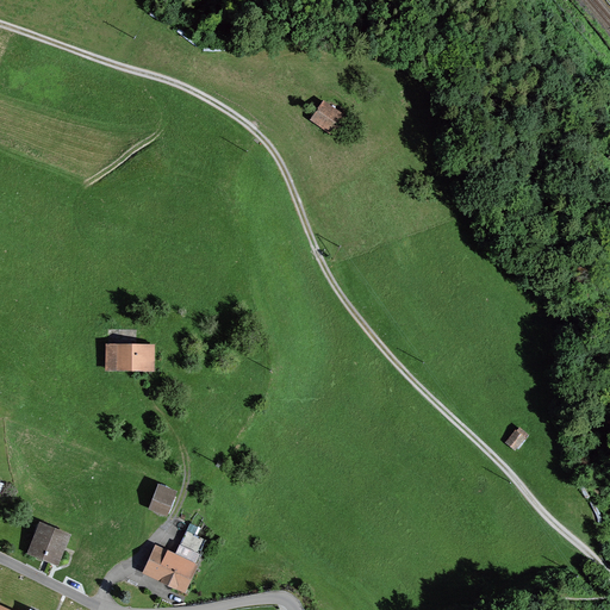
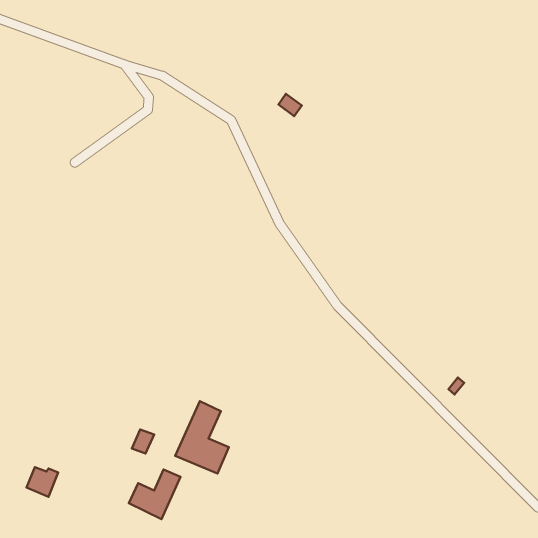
building: [107,347,149,368] -> none
building: none -> [175,401,229,474]

